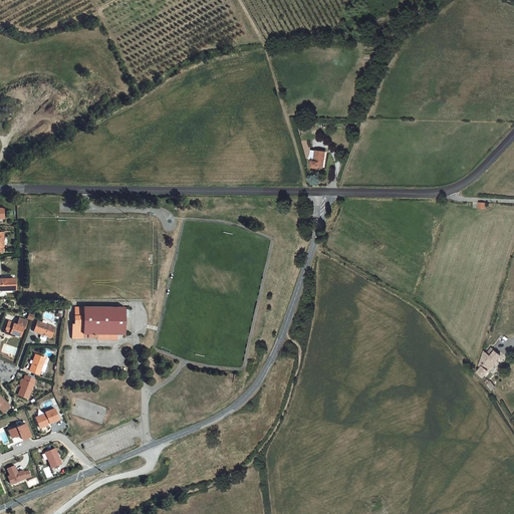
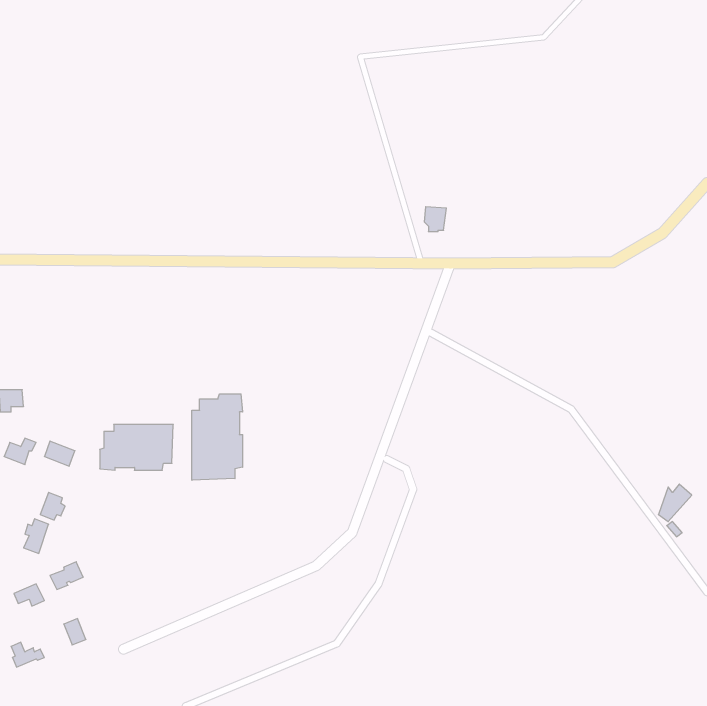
building: none -> [192,394,243,480]

